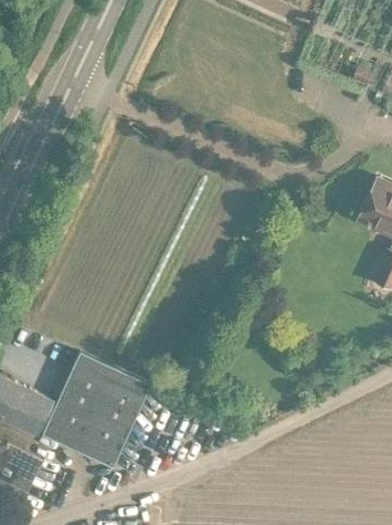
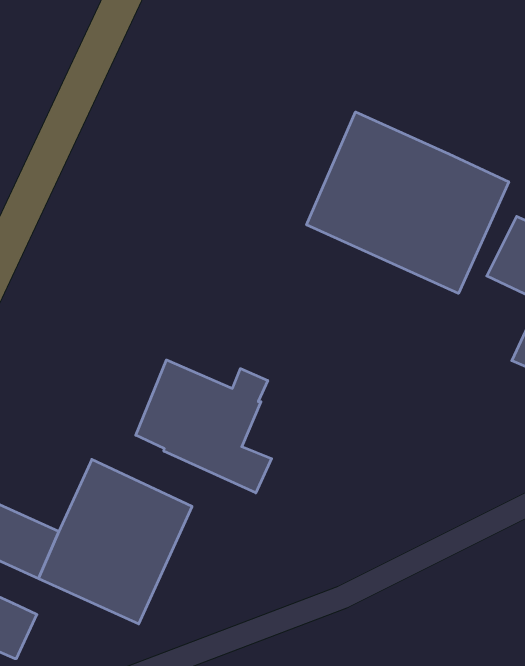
building: none -> [307,112,509,293]
building: none -> [136,360,272,493]

